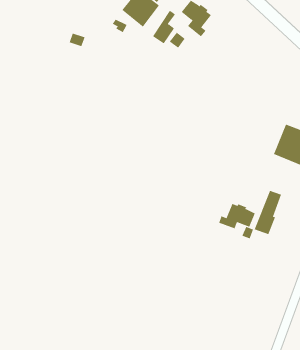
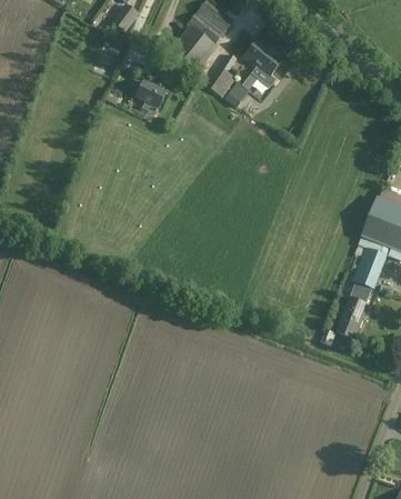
building: none -> [136,80,166,107]
building: none -> [353,247,387,288]
building: [219,203,255,229] -> none

